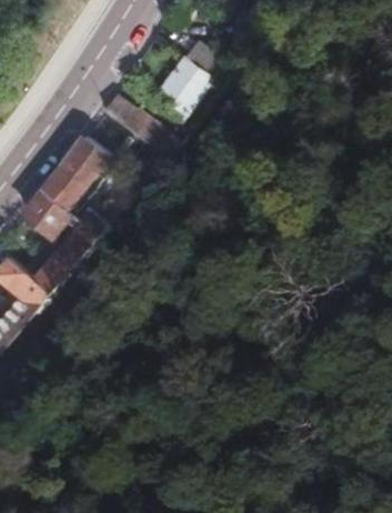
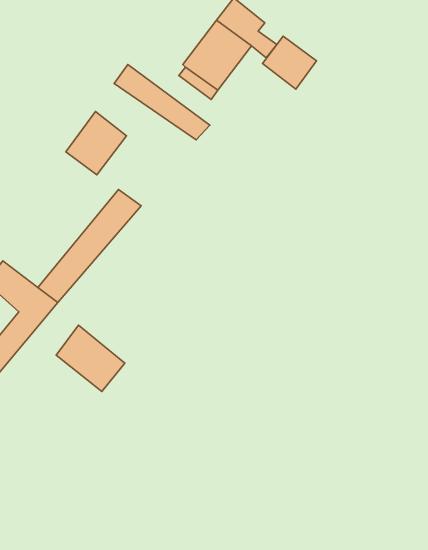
building: none -> [262,36,316,89]
building: [21,167,89,237] -> none
building: none -> [56,325,125,391]

